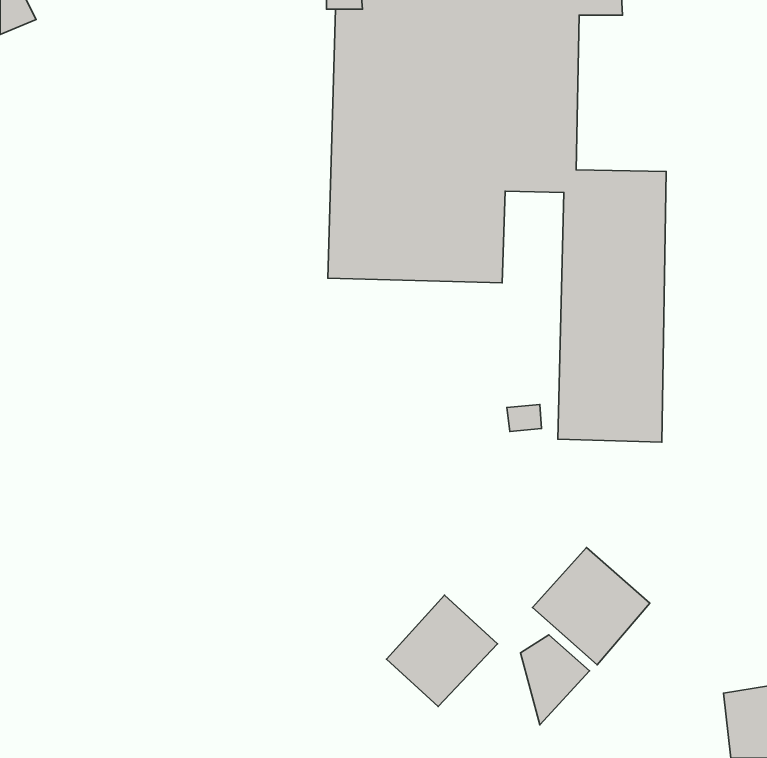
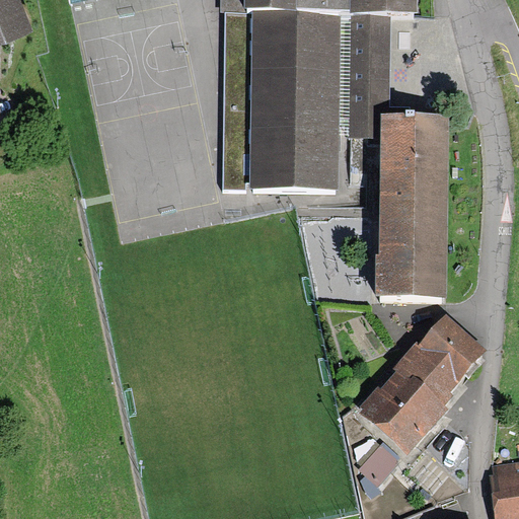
building: none -> [396,314,480,401]
building: [387,595,497,707] -> none

